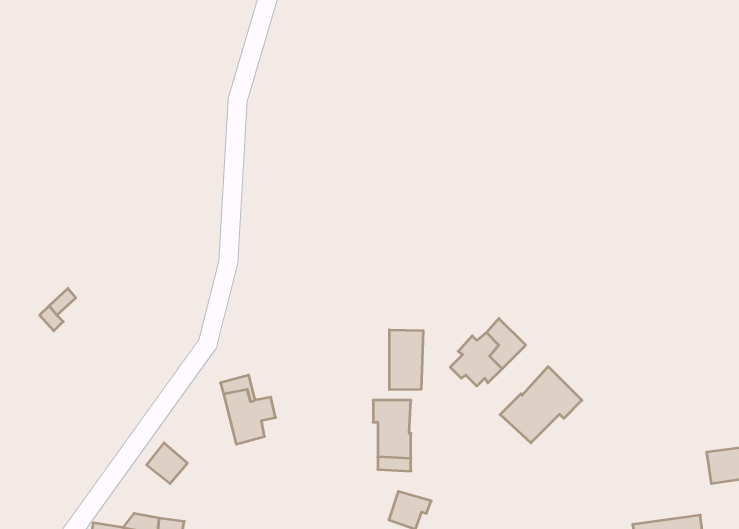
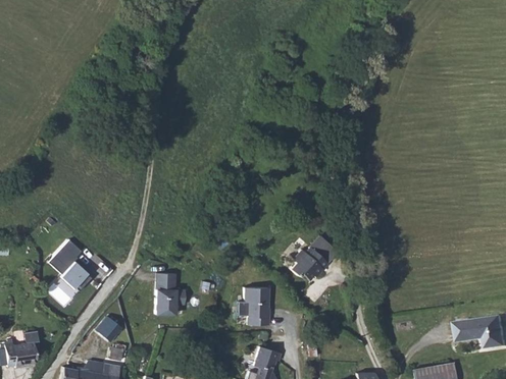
building: none -> [49,240,86,288]
building: [389,330,423,390] -> none
building: [500,367,582,443] -> none
building: none -> [6,329,41,365]

